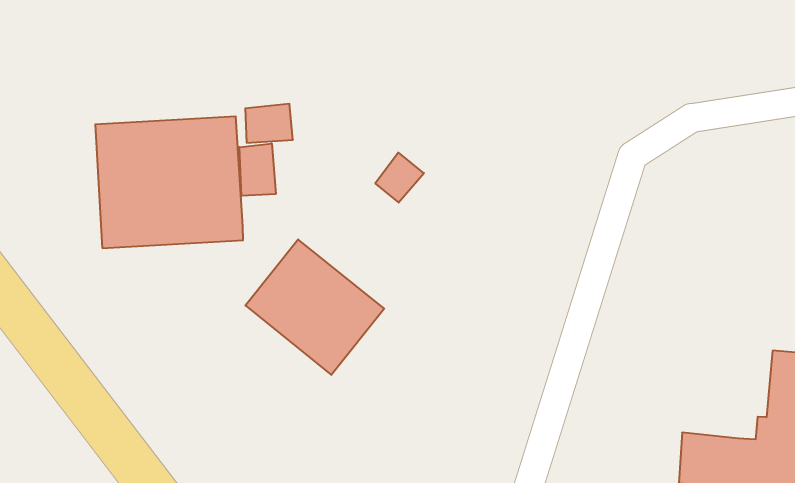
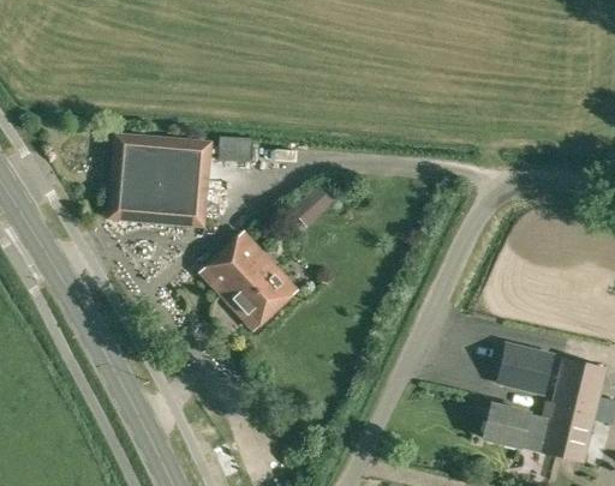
building: [239,143,276,196] -> none
building: none -> [501,353,553,396]

